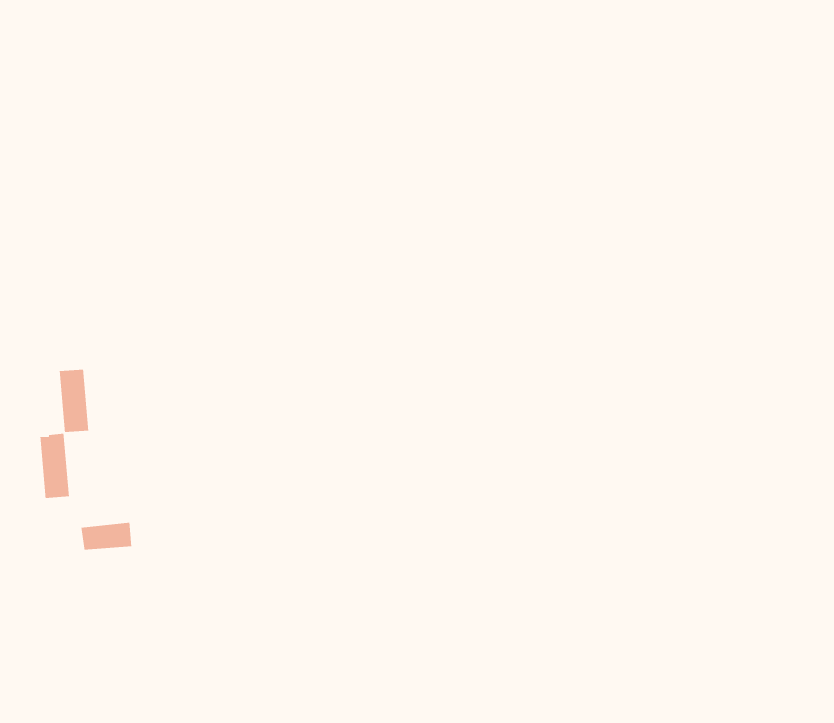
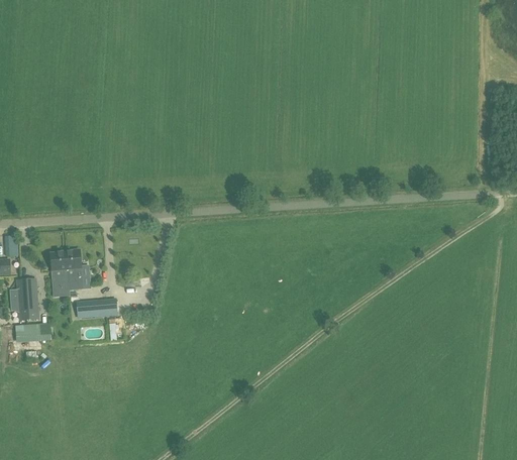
building: [59,369,89,433] -> [49,252,67,289]

